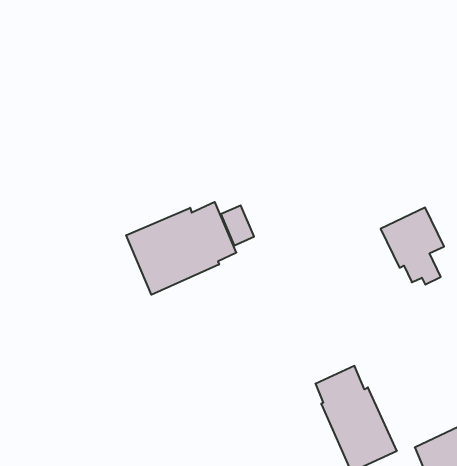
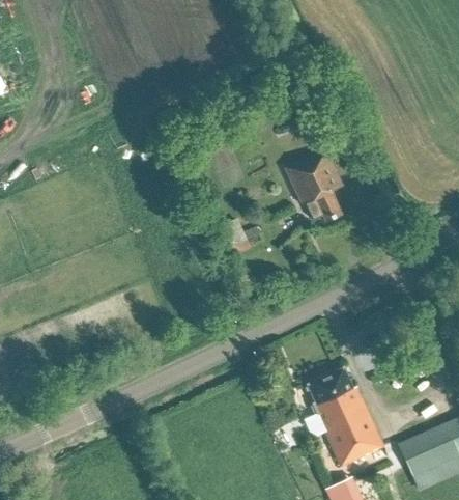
building: [126,202,236,295] -> none
building: [381,208,444,285] -> [287,151,346,223]

